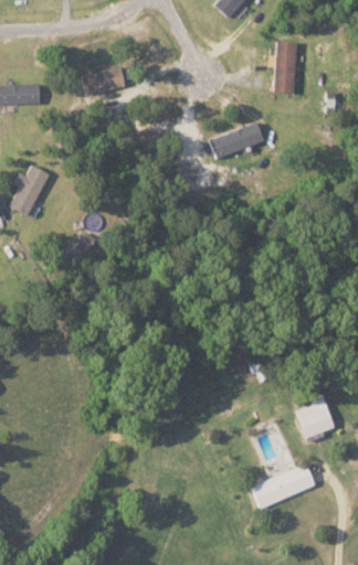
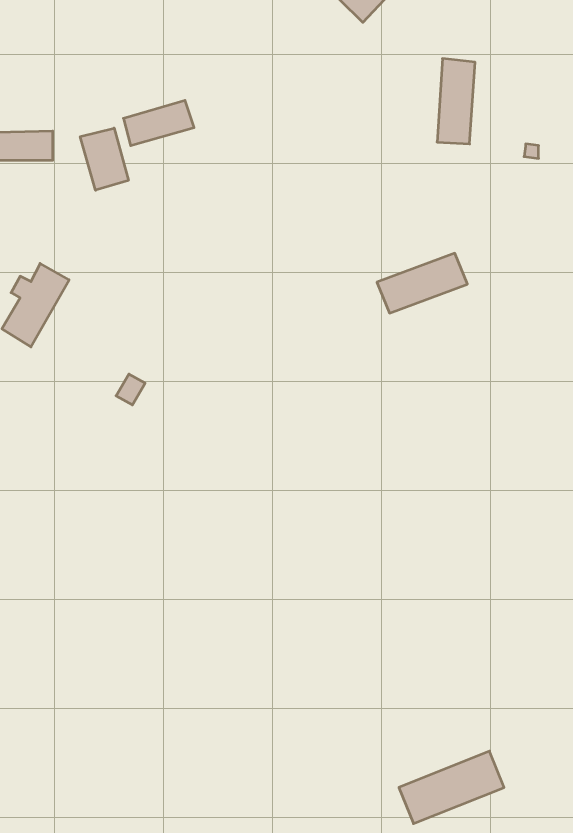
building: none -> [80,128,128,190]
building: [210,122,265,159] -> [377,253,467,313]
building: [295,398,334,441] -> none

